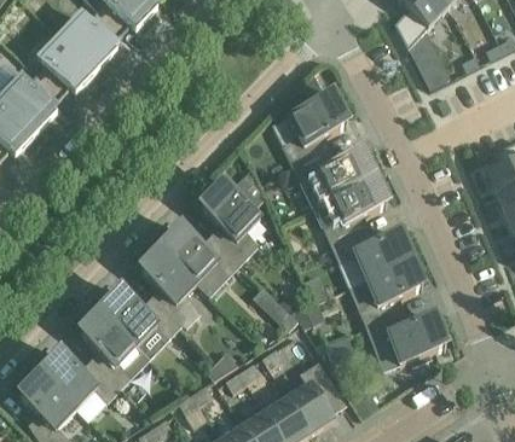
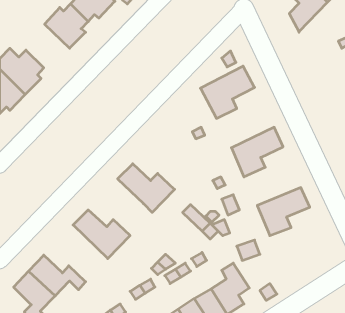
building: [407,28,451,87] -> none
building: [36,36,96,95] -> none
building: [295,149,374,204] -> none
building: [201,181,259,261] -> none
building: [332,231,410,283] -> none
building: [140,246,198,324] -> none
building: [80,309,147,386] -> none
building: [368,313,445,368] -> none

